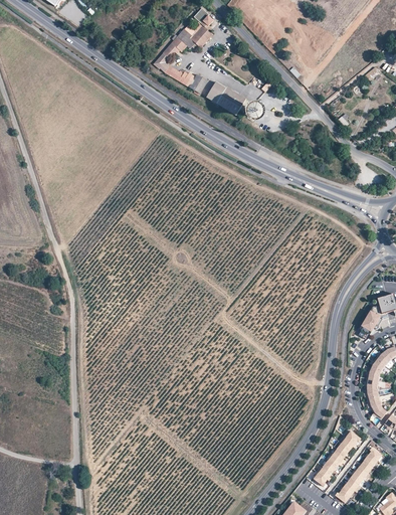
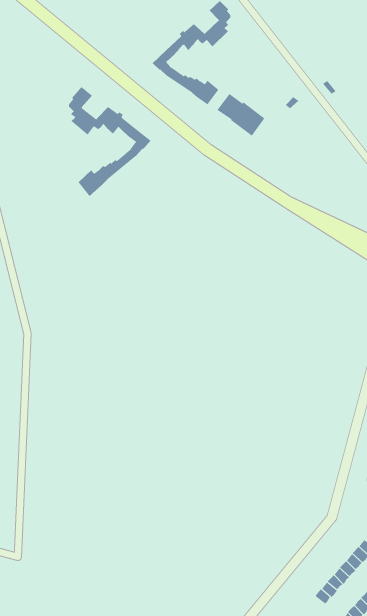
building: none -> [69,86,152,197]

